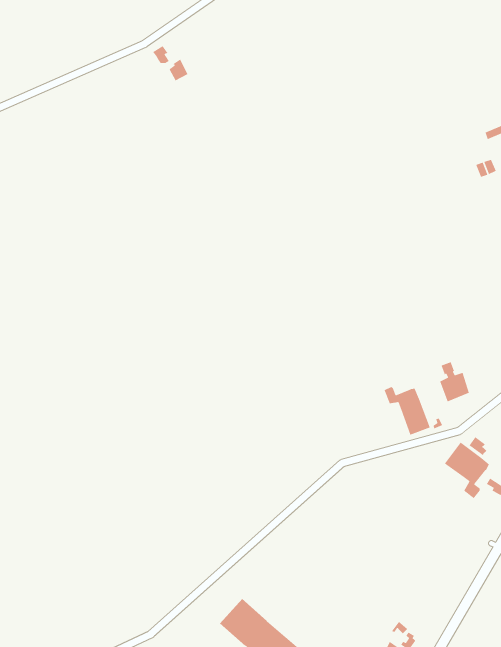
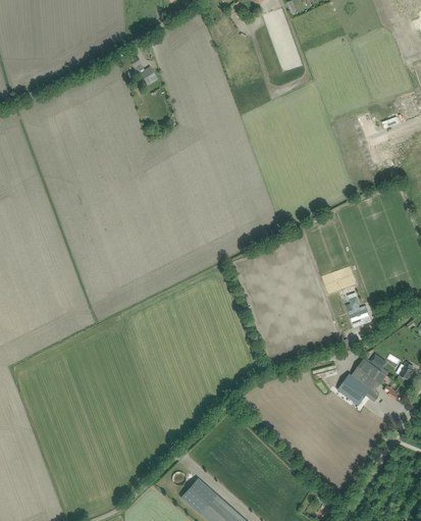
building: [384,386,431,435] -> none
building: none -> [337,374,370,406]

